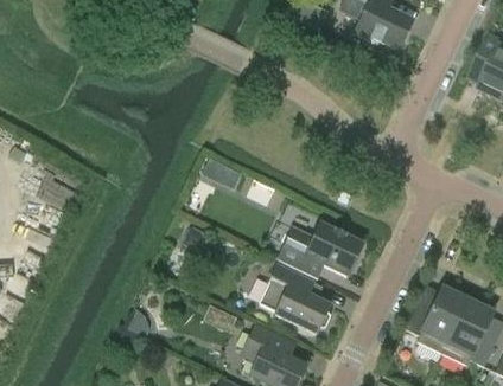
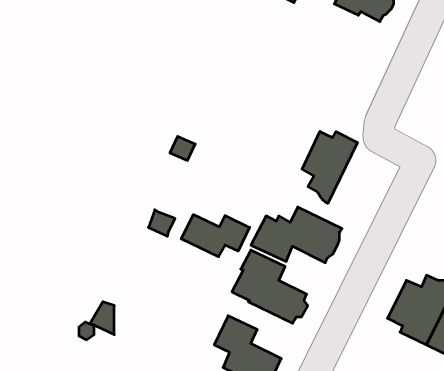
building: none -> [302,131,357,203]
building: none -> [181,215,250,257]

